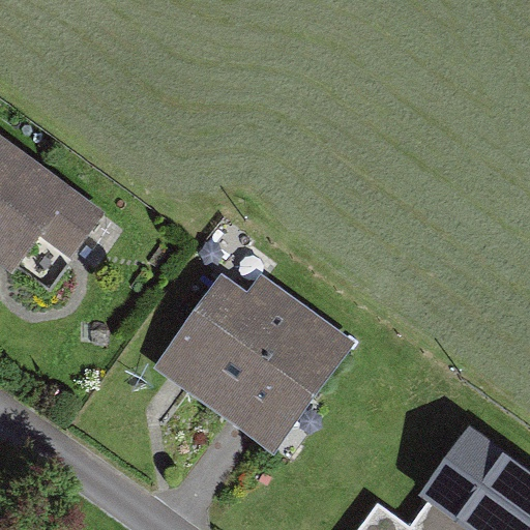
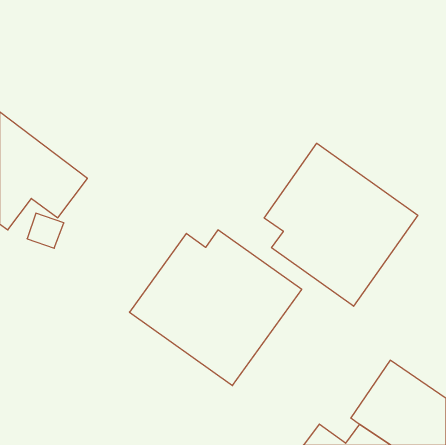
building: none -> [264,143,418,306]

